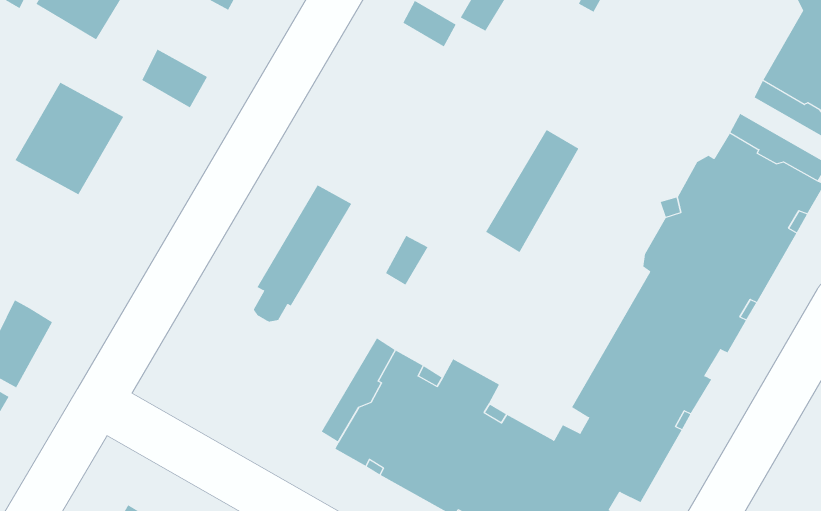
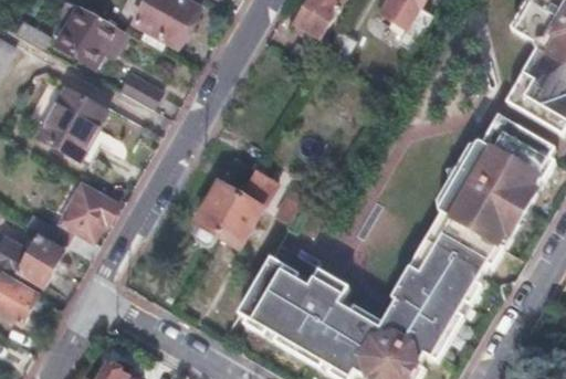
building: [485,129,579,253] -> [217,169,276,248]
building: none -> [51,182,116,261]

